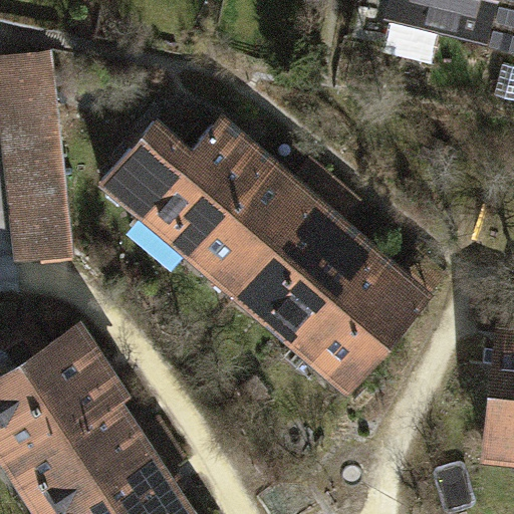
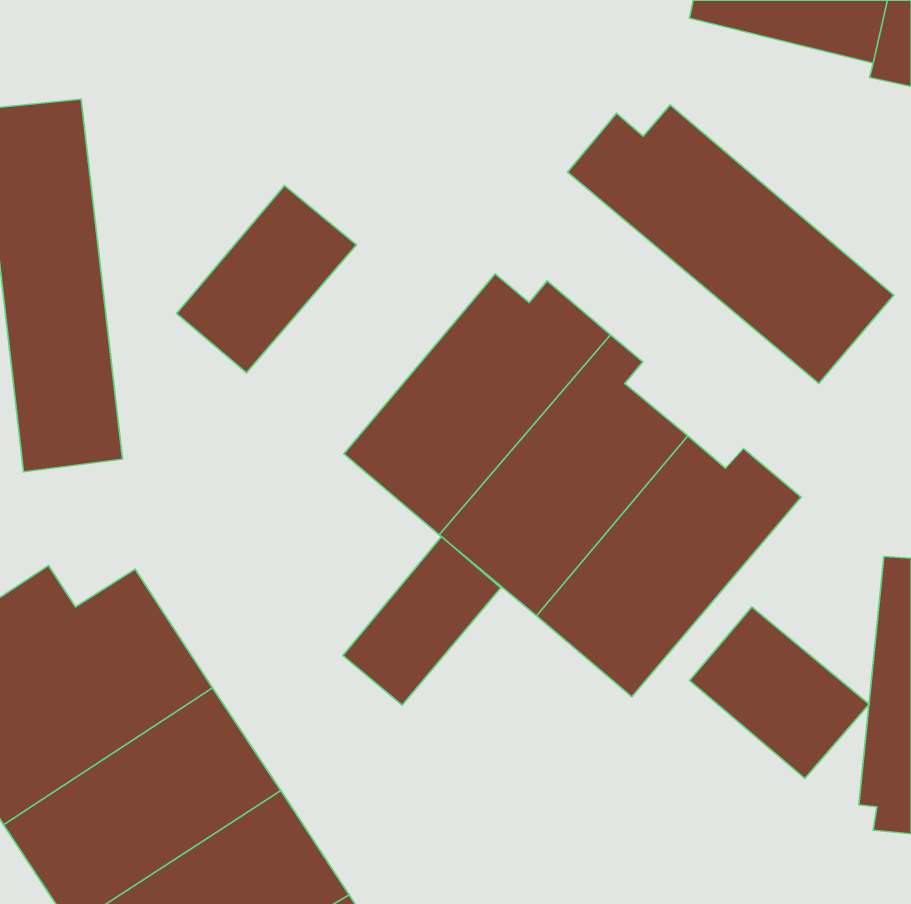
building: none -> [567,105,894,383]
building: [138,117,276,262] -> none
building: none -> [343,537,501,705]
building: none -> [689,607,869,778]

